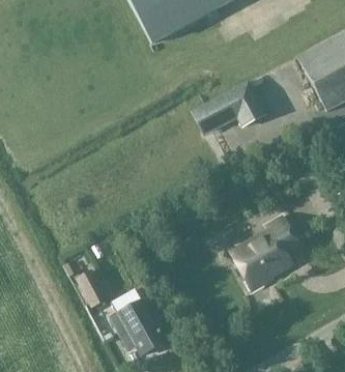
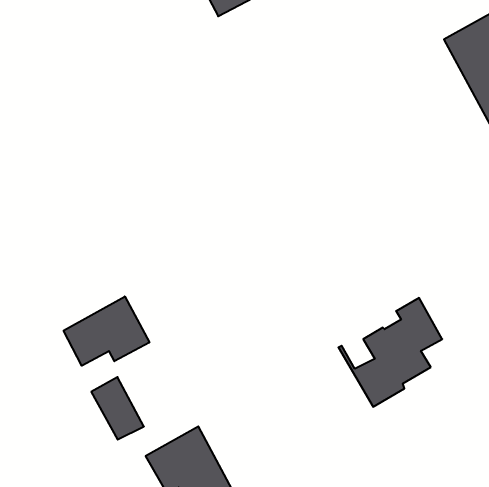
building: [192,79,267,134] -> none
building: none -> [64,296,149,366]

